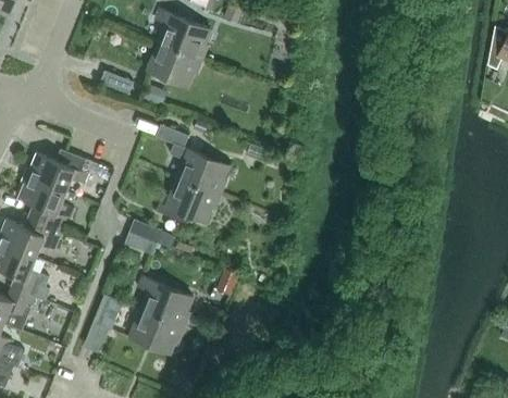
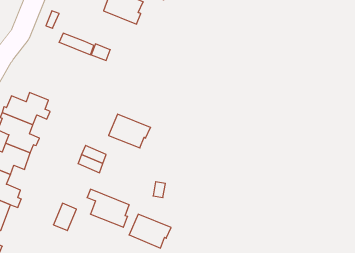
building: [147,41,202,86] -> none
building: [156,124,228,195] -> none
building: [129,309,185,353] -> [129,214,171,248]

